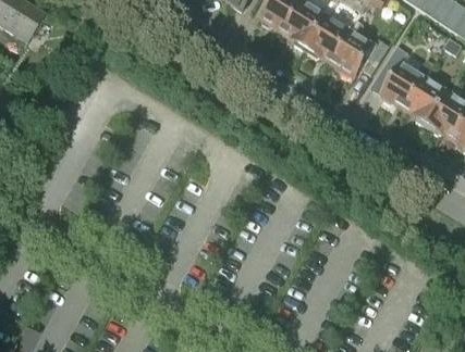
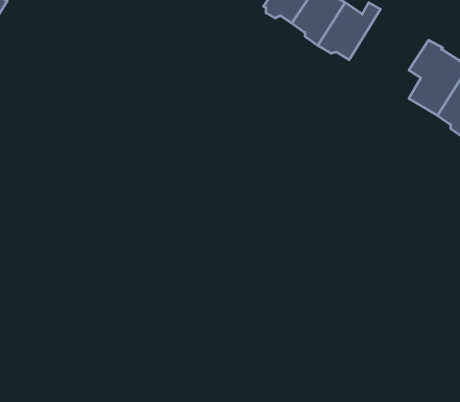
building: [330,20,389,77] -> none

